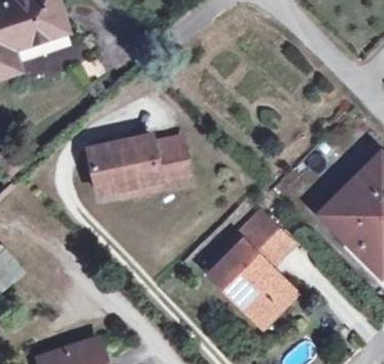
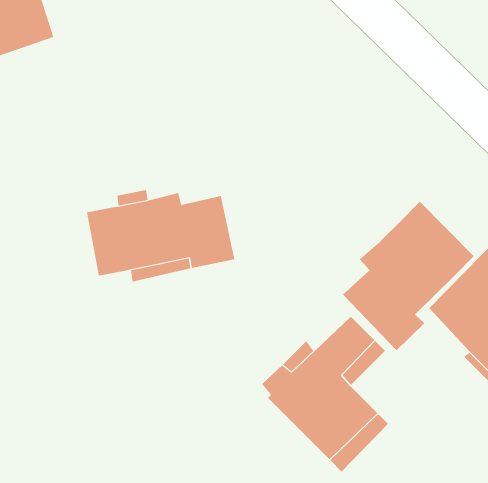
building: none -> [342,201,475,351]

